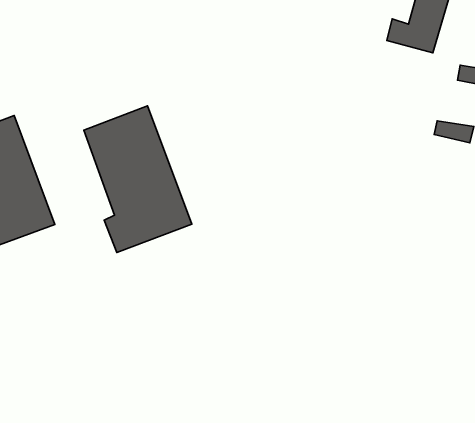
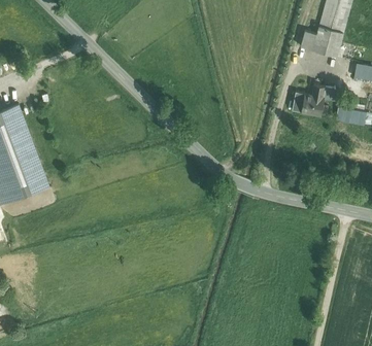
building: none -> [291,85,330,116]
building: [84,106,192,252] -> none

